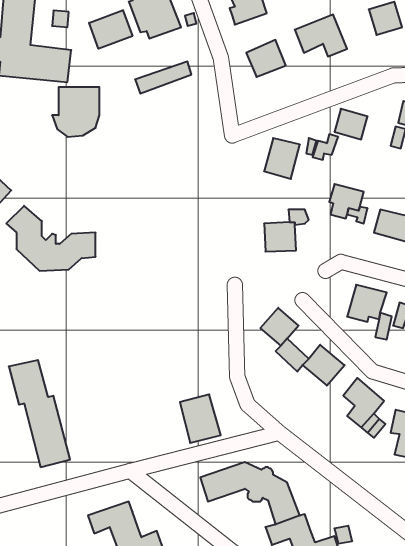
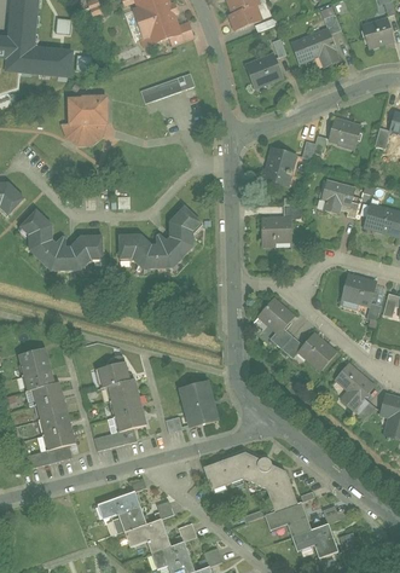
building: [89,10,132,49] -> none
building: none -> [118,204,198,266]
building: none -> [99,359,147,436]

